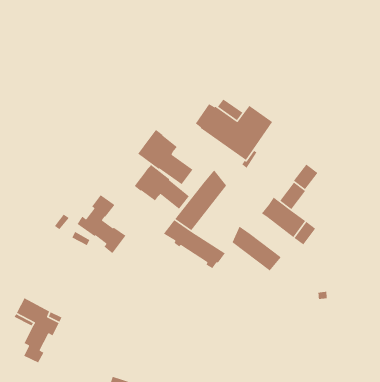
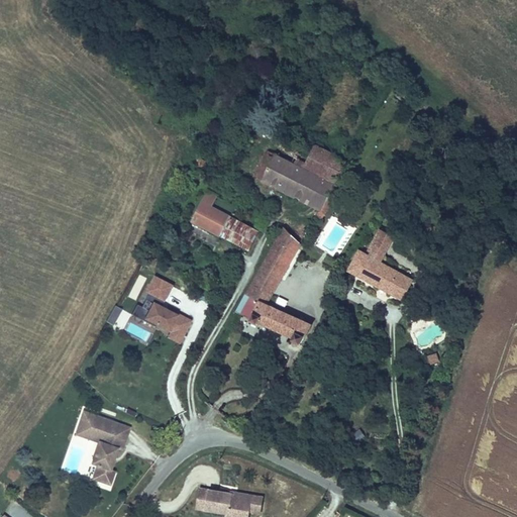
building: [293,163,318,190] -> none
building: [134,164,190,210] -> none
building: [231,226,282,272] -> none

